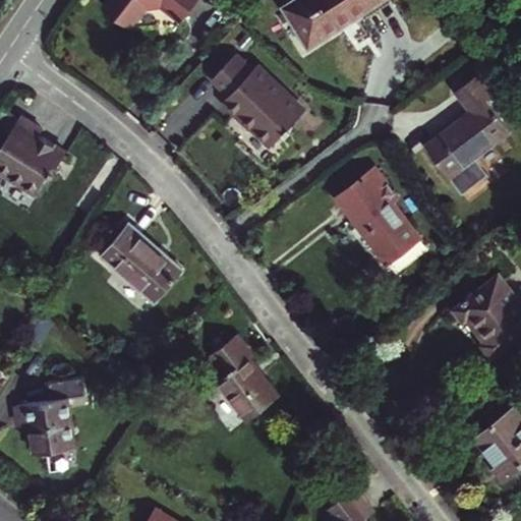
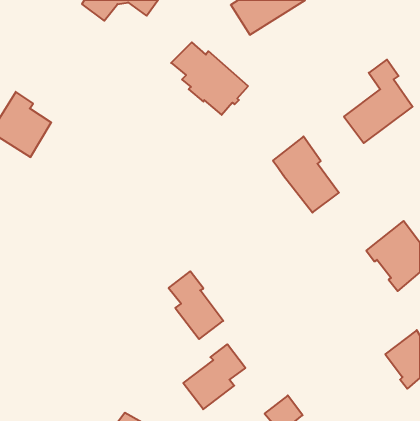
building: [100,225,180,301] -> none
building: [16,377,83,453] -> none
building: none -> [183,344,245,409]

